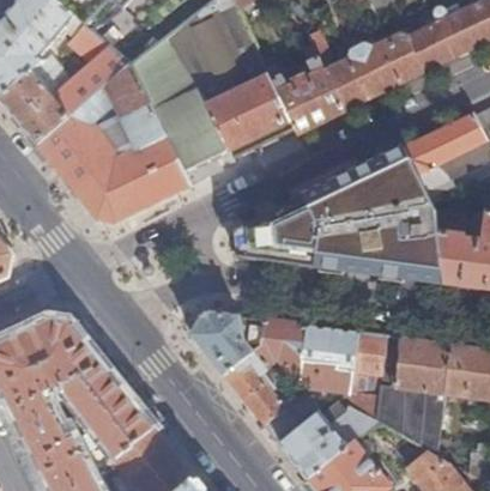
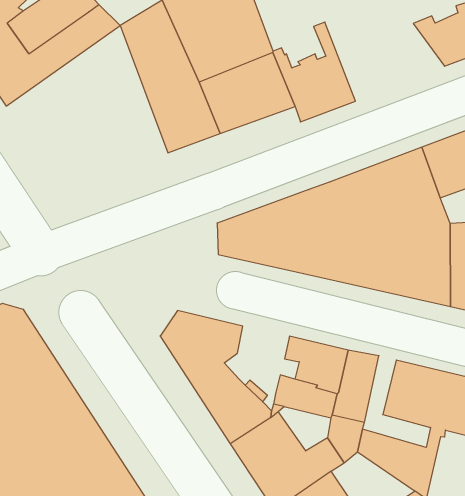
building: [306,32,418,111] -> none
building: [36,65,189,223] -> none
building: [249,319,304,374] -> none
building: [376,333,436,410] -> none

